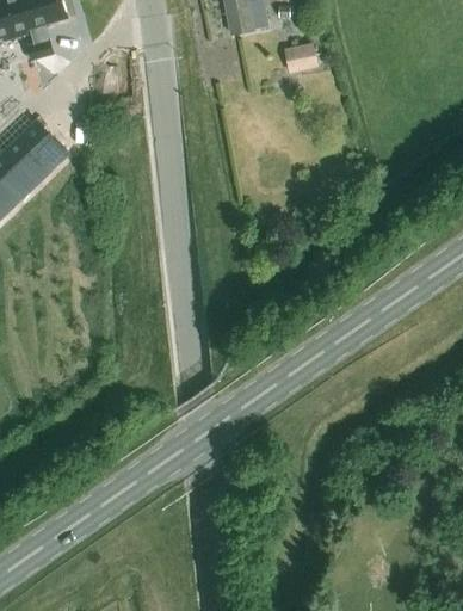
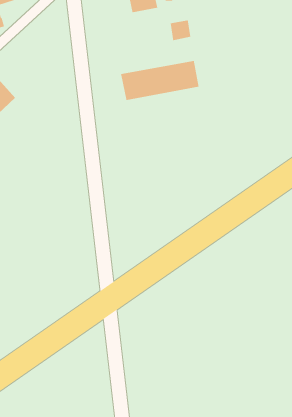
building: none -> [121,60,199,101]

